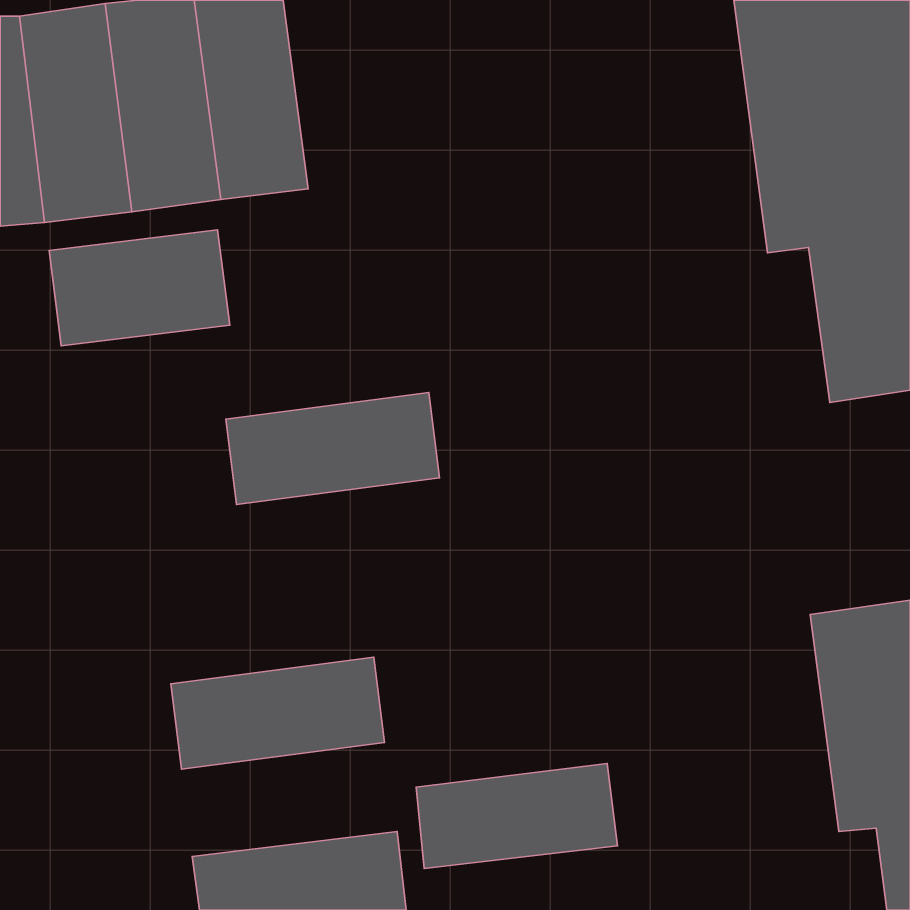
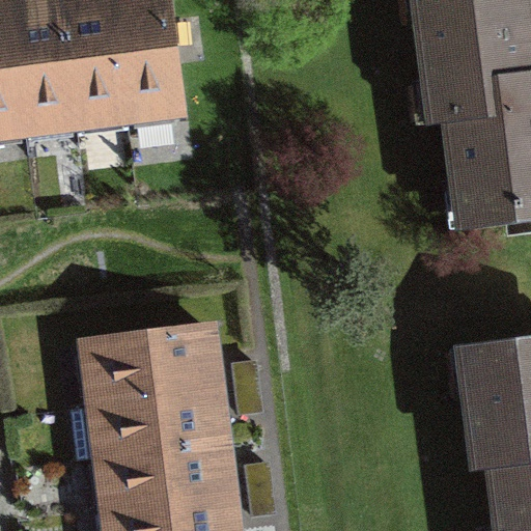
building: [49,230,230,346] -> none
building: [226,392,439,505] -> [93,333,218,398]
building: none -> [106,432,231,499]
building: [416,764,617,868] -> none

